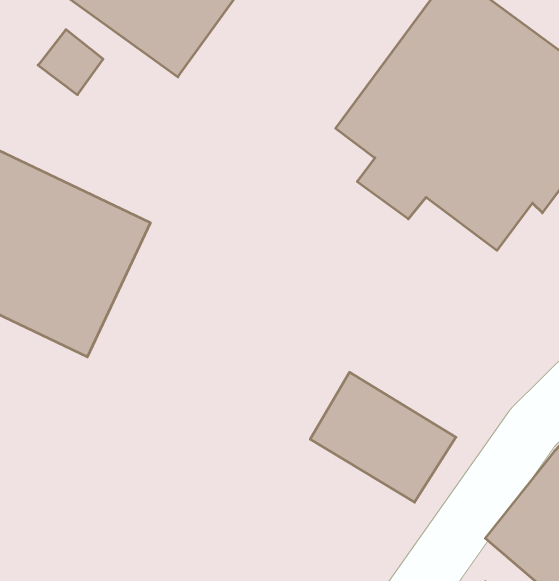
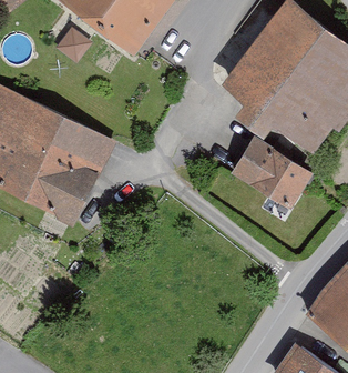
building: [310,372,456,502] -> [228,137,310,210]

